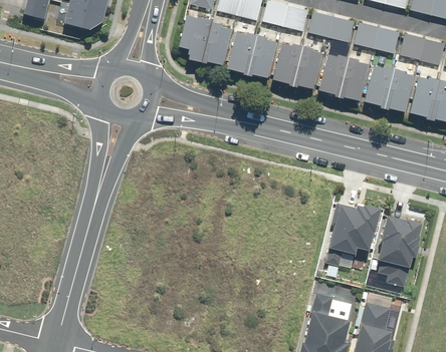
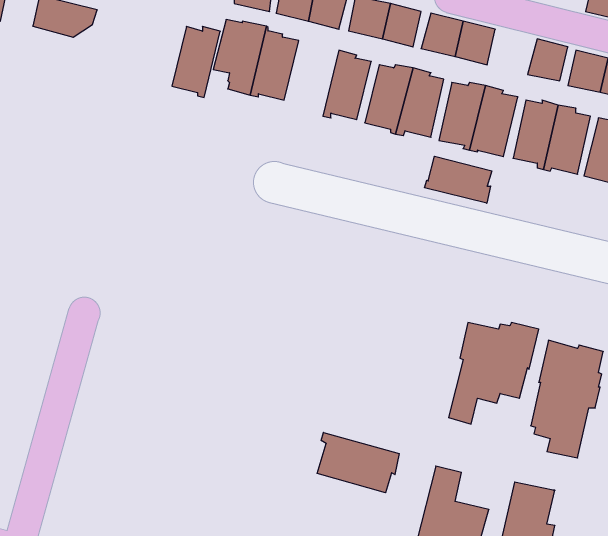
building: [354,21,380,48] -> none
building: [226,30,256,74] -> [172,26,220,97]
building: none -> [425,156,492,203]
building: none -> [317,432,399,493]

